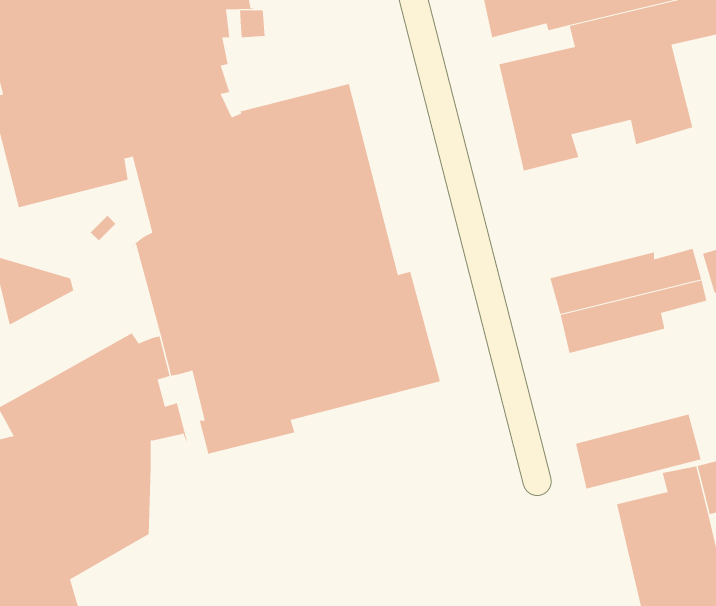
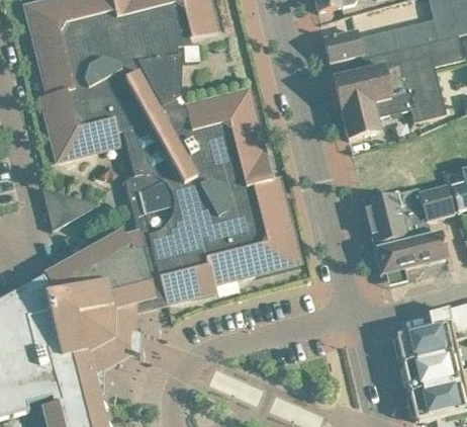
building: [575,414,701,489] -> [375,232,448,275]

